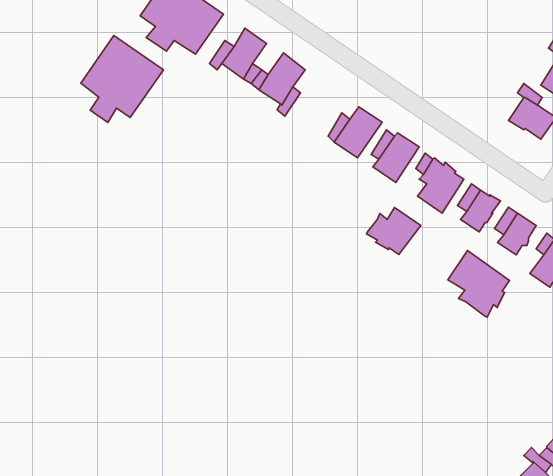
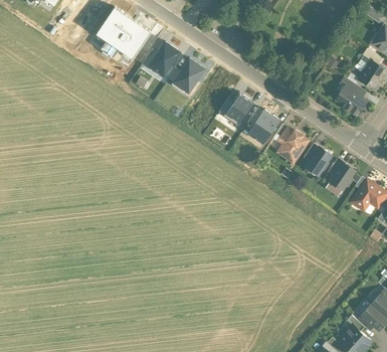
building: [81,35,163,123] -> none
building: [367,208,421,255] -> none
building: [448,250,510,317] -> none

